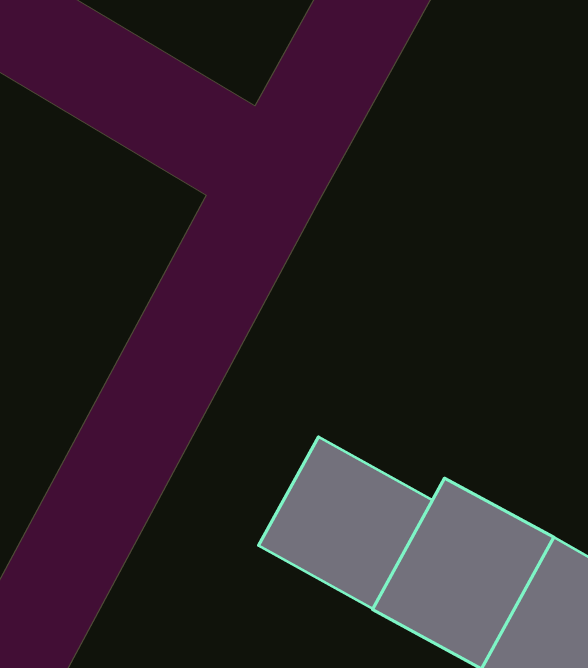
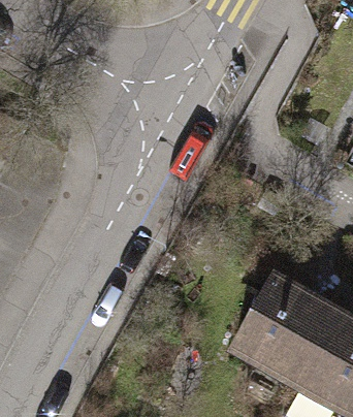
building: [259,437,433,609] -> none

